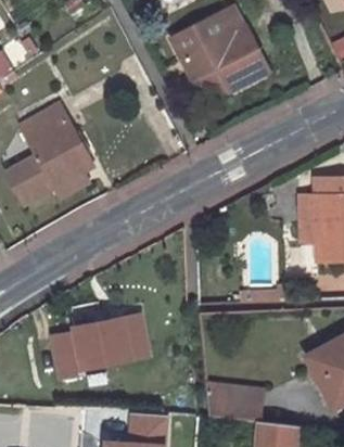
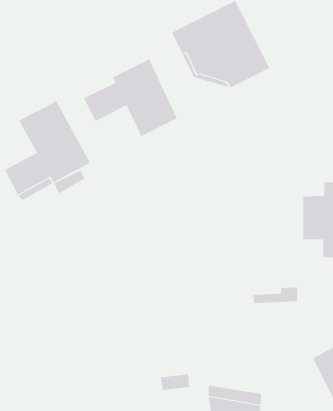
building: none -> [83,59,178,137]
building: [52,314,148,379] -> none

